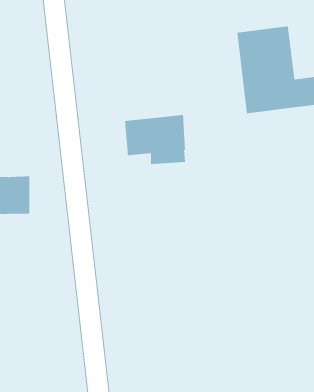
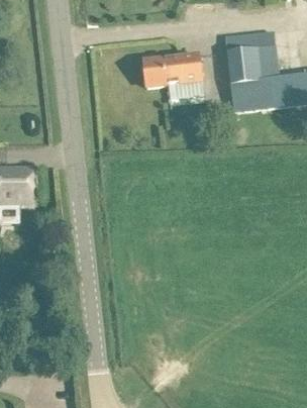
building: [124,114,186,164] -> [143,56,201,102]

